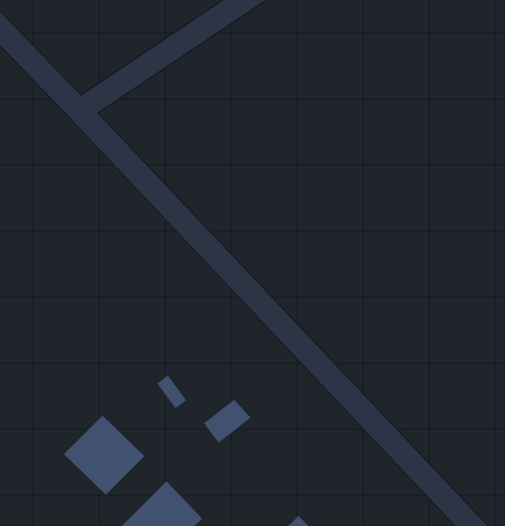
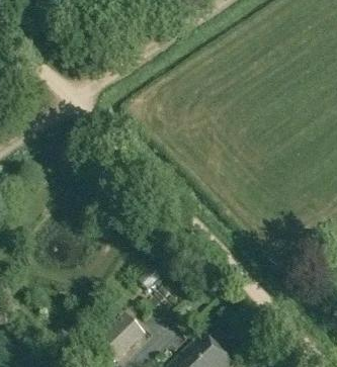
building: [63,415,145,495] -> none

